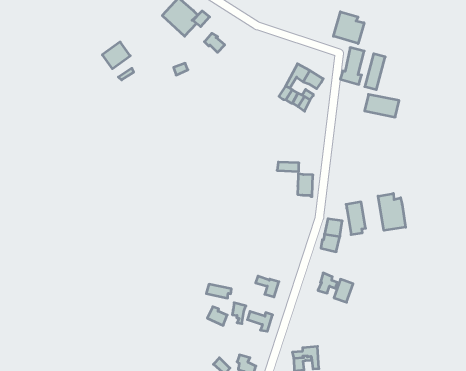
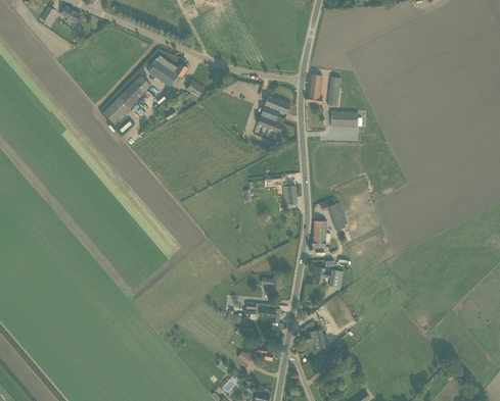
building: [333,12,364,44] -> none
building: none -> [116,74,150,109]
building: [378,193,406,230] -> none

